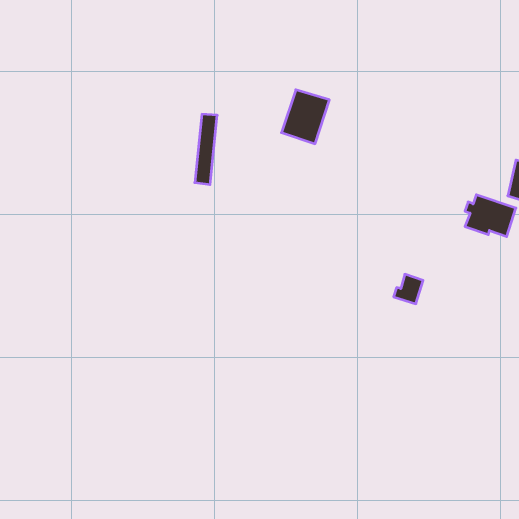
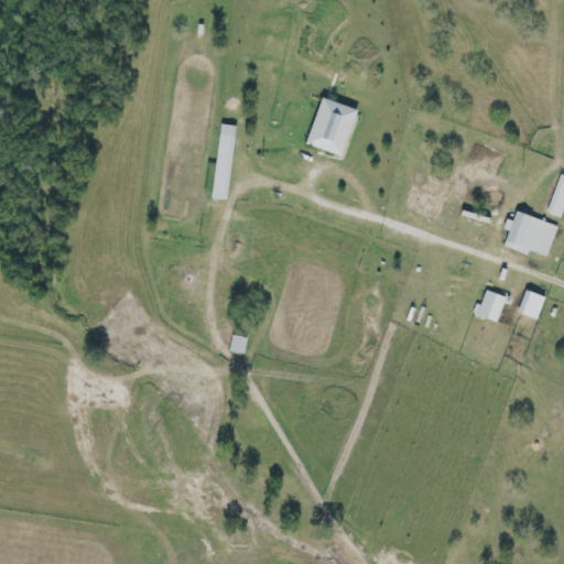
building: none -> [519,289,546,319]
building: [394,274,423,304] -> [475,289,507,321]

